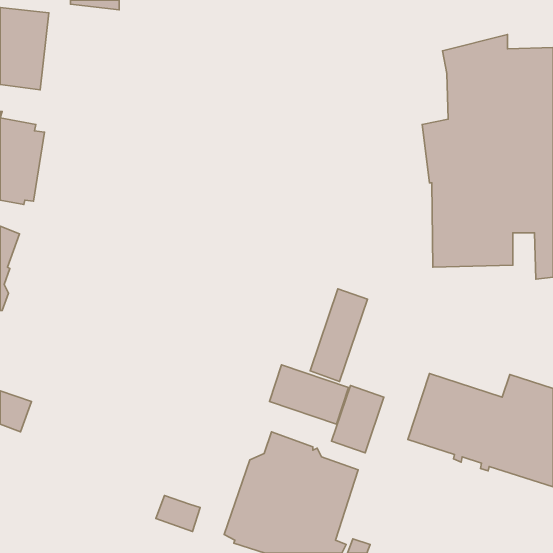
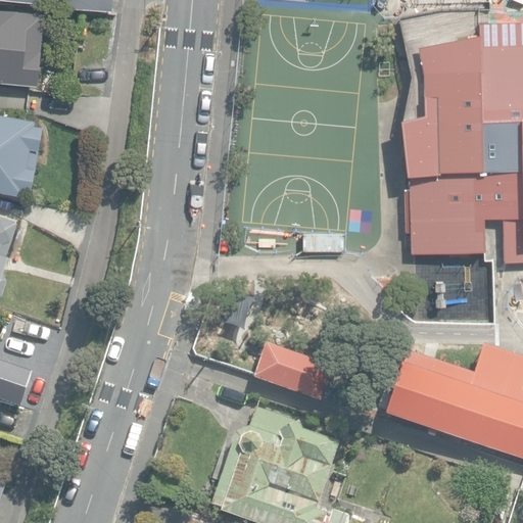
building: [310,289,367,381] -> none
building: [332,385,384,453] -> none

